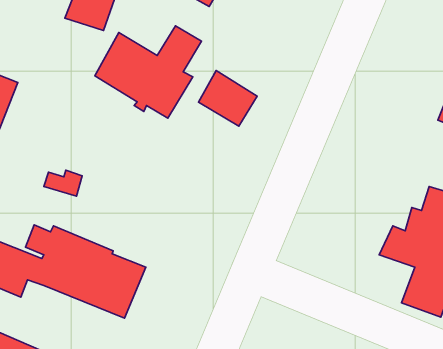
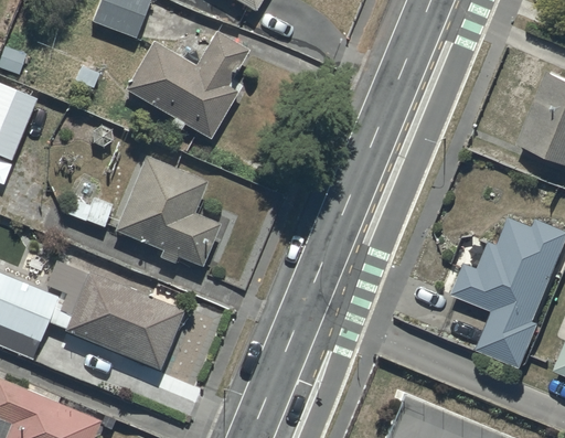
building: [198,70,257,126] -> none
building: none -> [114,156,218,266]

